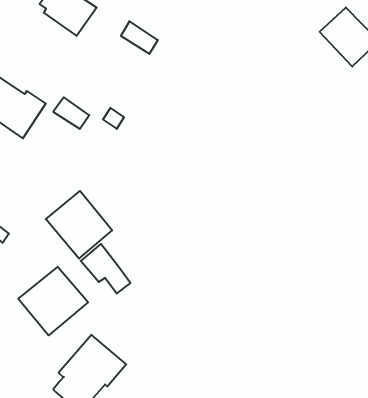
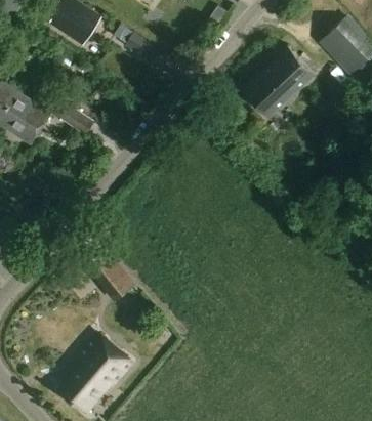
building: none -> [242,45,317,118]
building: [46,191,112,259] -> none
building: [18,267,88,335] -> none

